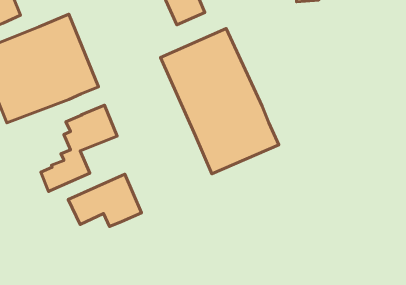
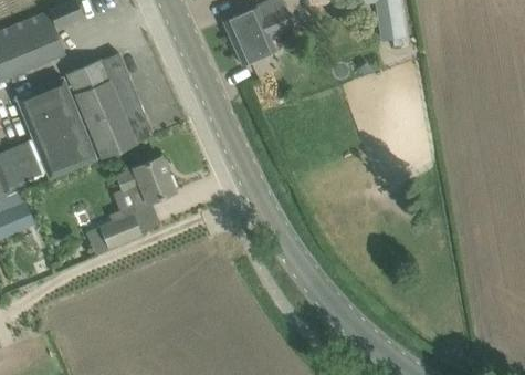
building: [161,29,279,174] -> none
building: [68,174,141,227] -> none

